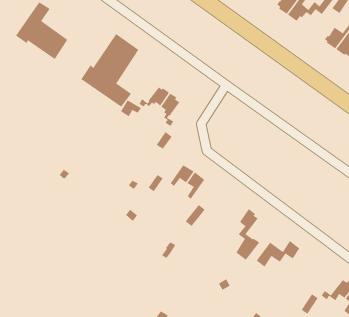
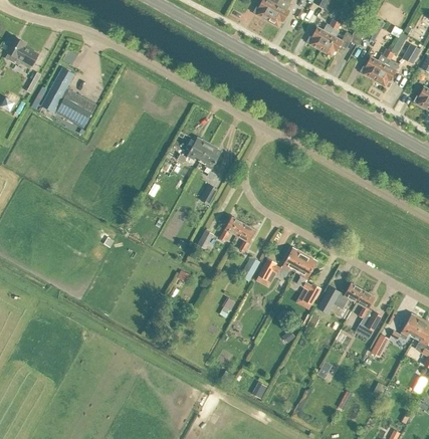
building: [80,33,139,107] -> none
building: none -> [258,248,303,282]
building: none -> [356,289,381,331]

